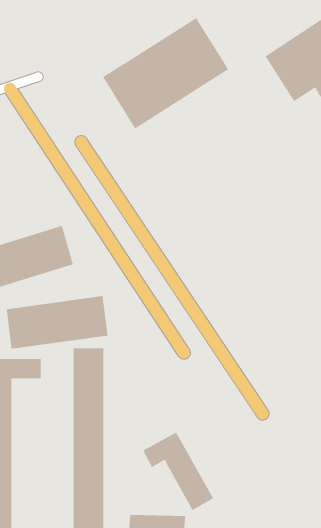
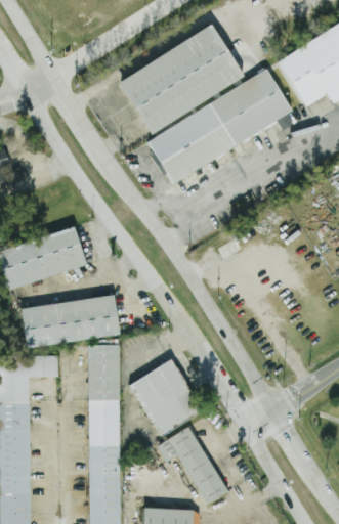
building: none -> [146,68,290,184]
building: none -> [130,361,201,437]

